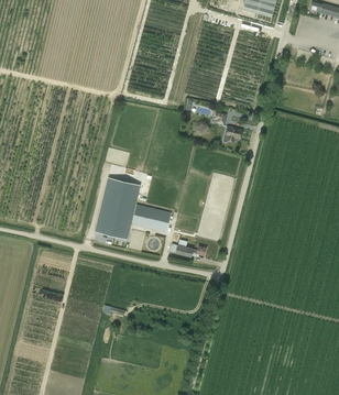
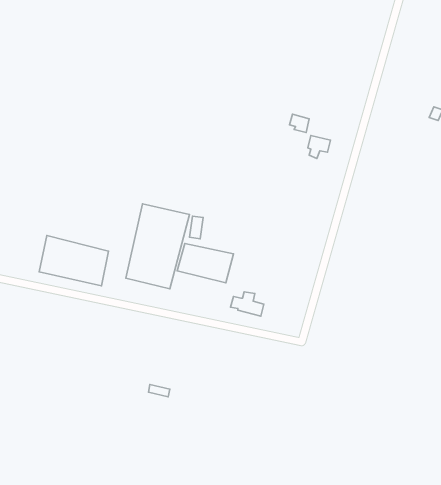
building: none -> [39,235,108,286]

